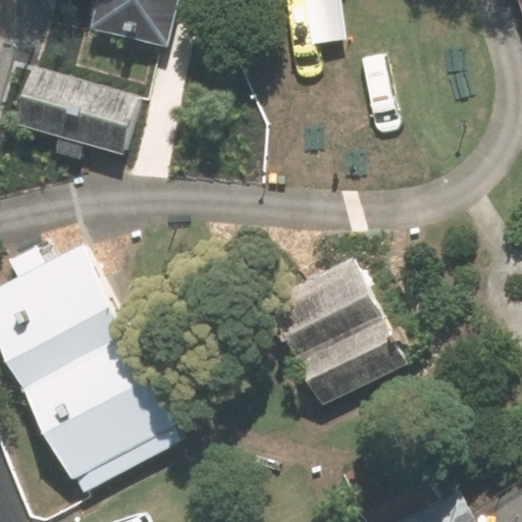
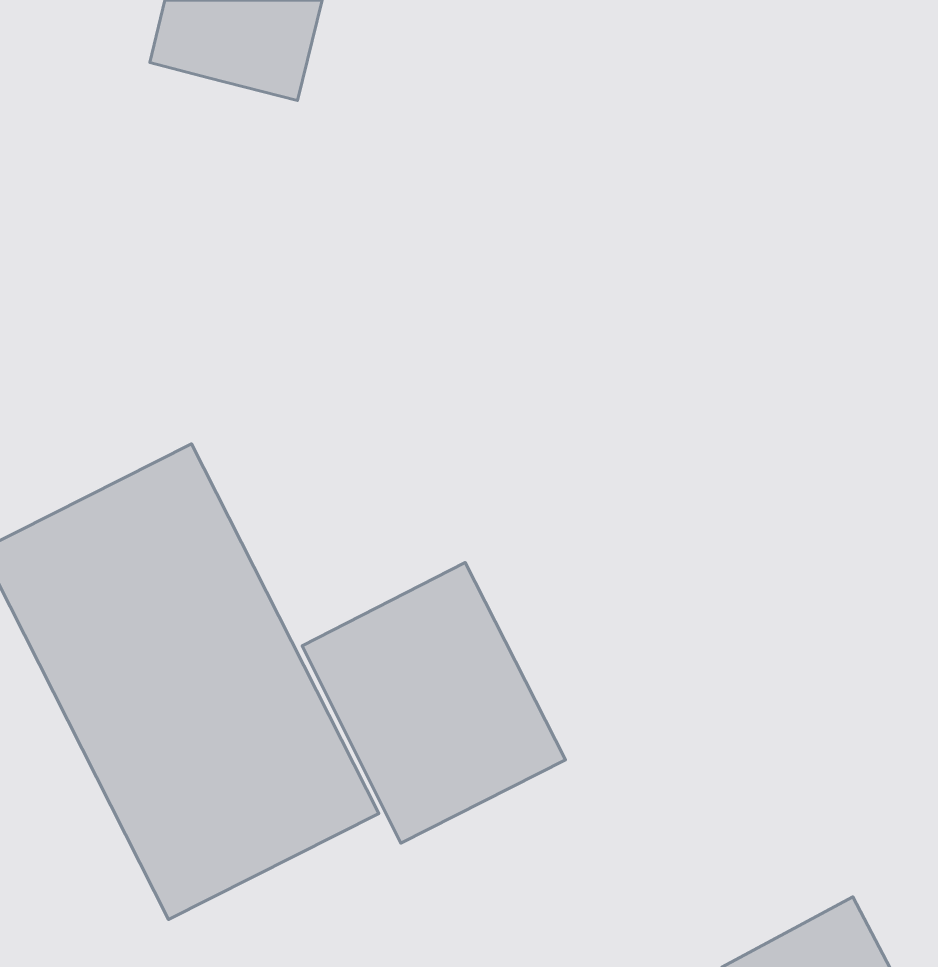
building: [13,67,134,152] -> none
building: [258,256,400,407] -> [302,563,566,843]

